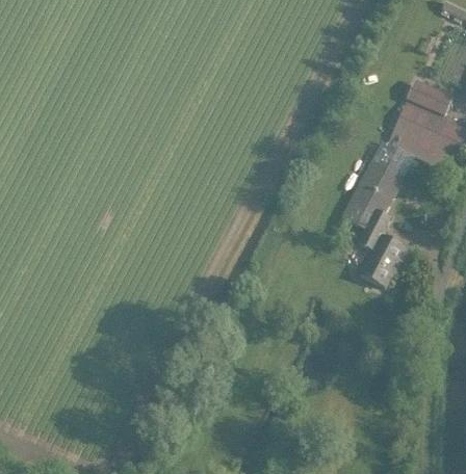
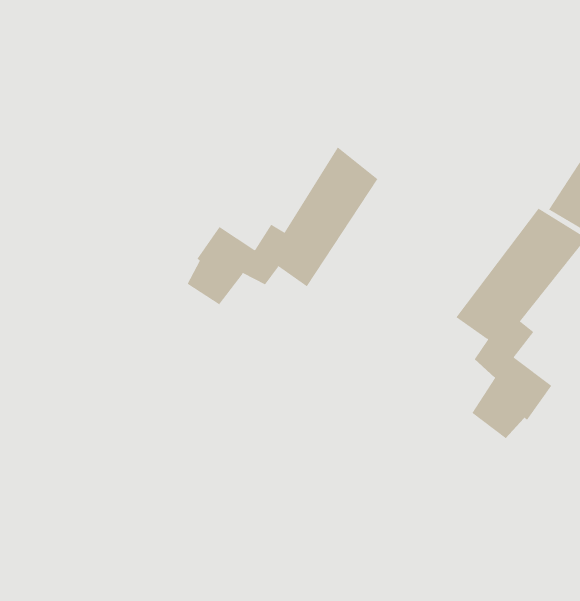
building: none -> [187,146,378,305]

